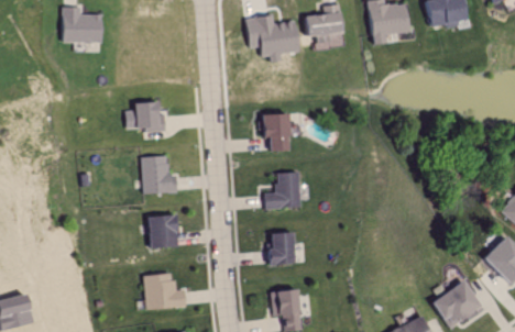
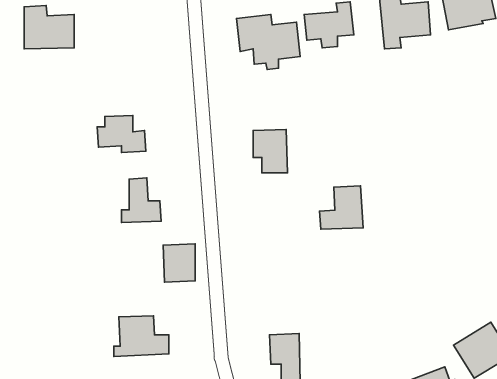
building: [264,171,302,209] -> [320,186,363,229]
building: [146,214,174,247] -> [163,244,195,282]
building: [265,231,298,264] -> none

